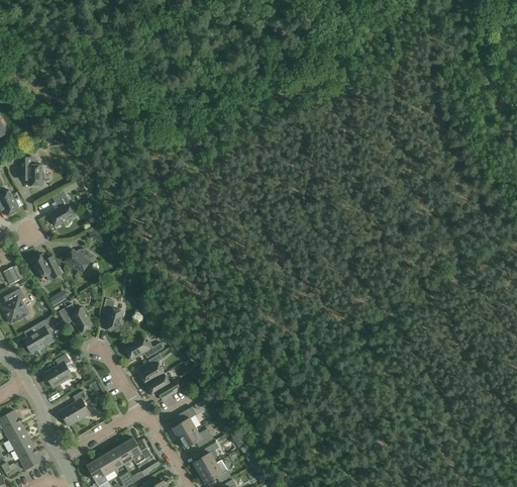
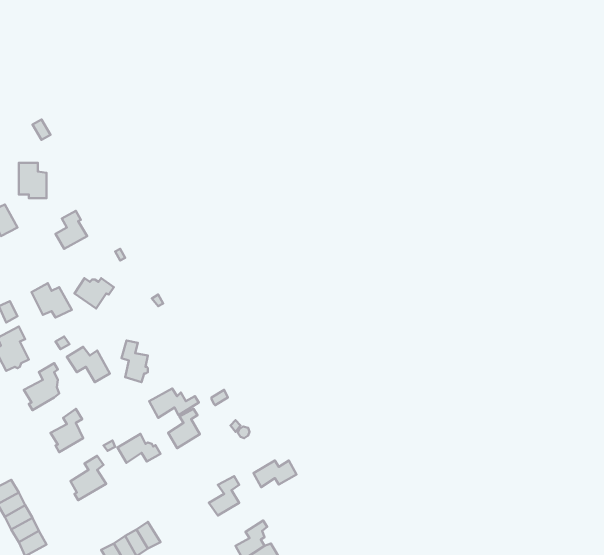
building: [145,373,180,396] -> [118,434,161,463]
building: [178,427,212,449] -> [253,461,297,487]
building: [122,436,150,464] -> none

